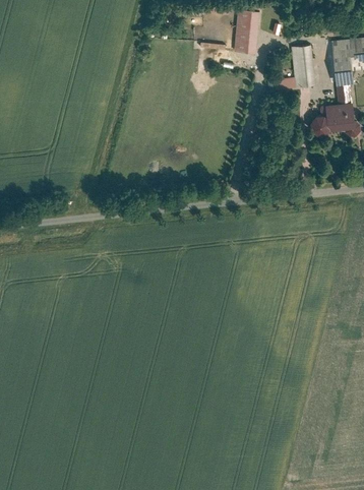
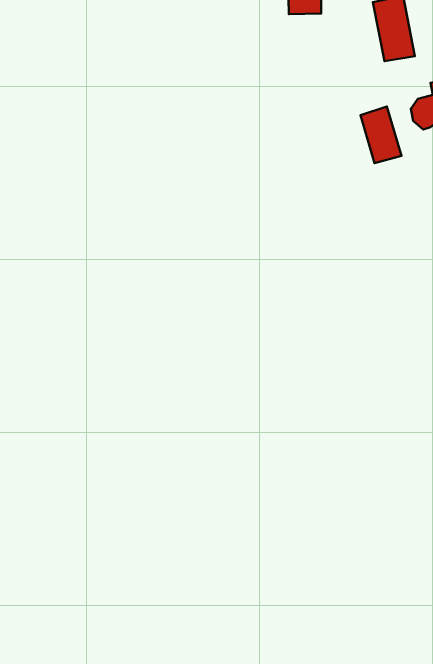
building: none -> [360,106,402,163]

